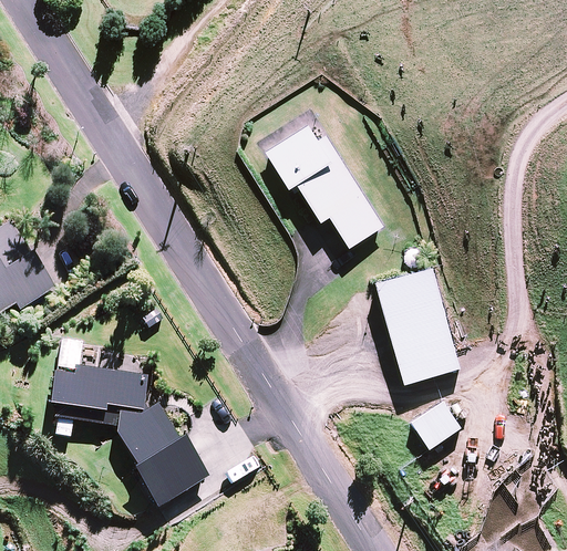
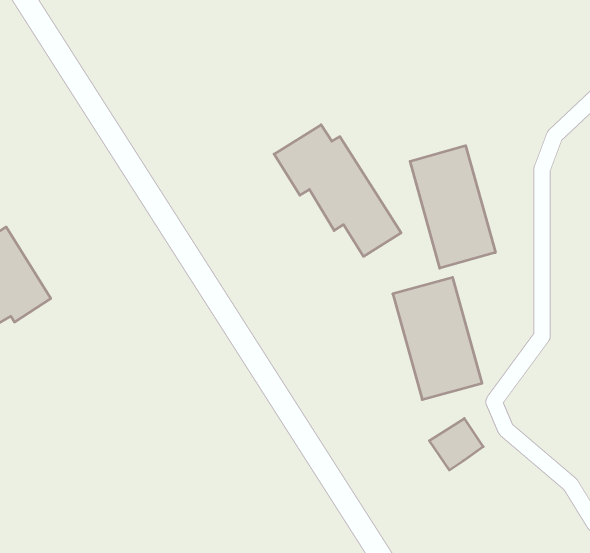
building: none -> [410,146,495,268]
building: [49,366,206,506] -> none

